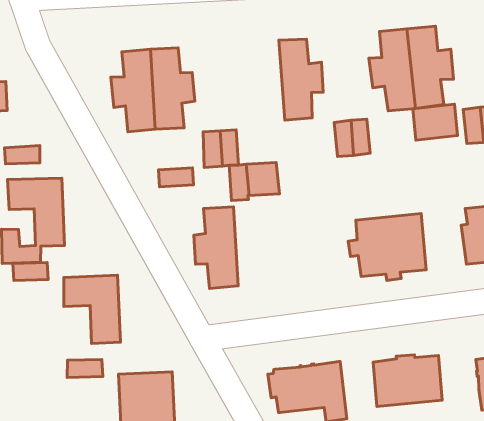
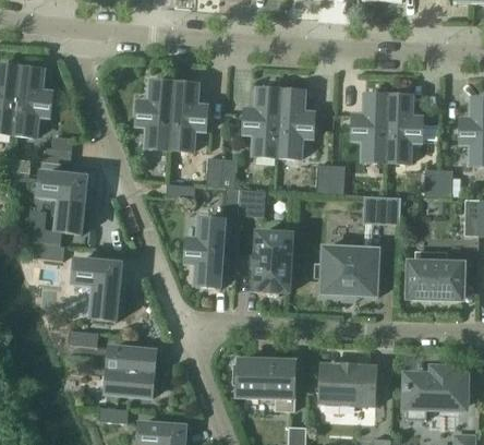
building: none -> [244,88,281,156]
building: [413,104,457,140] -> [364,195,400,222]
building: none -> [252,232,291,293]

